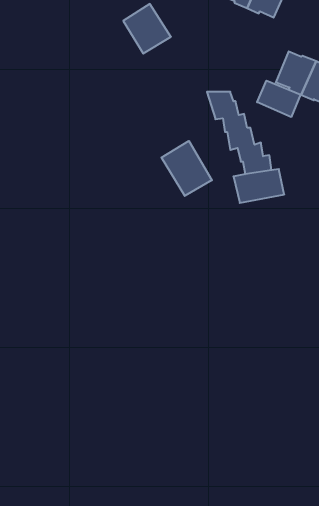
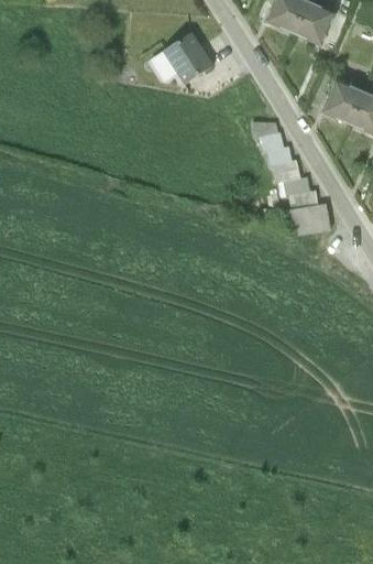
building: [257,81,300,117] -> none
building: [161,141,212,196] -> none

